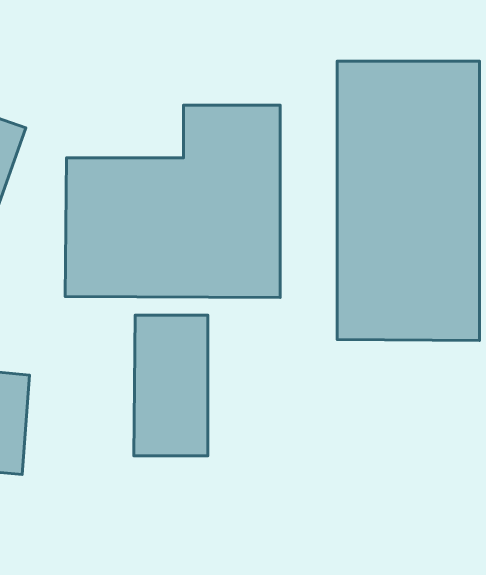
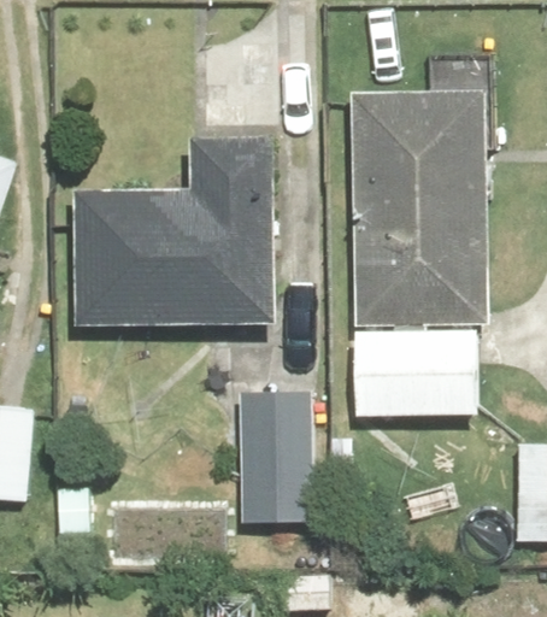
building: [134,315,208,456] -> [236,386,311,528]

